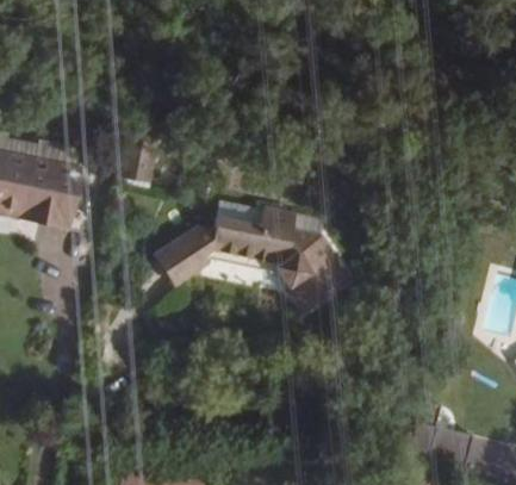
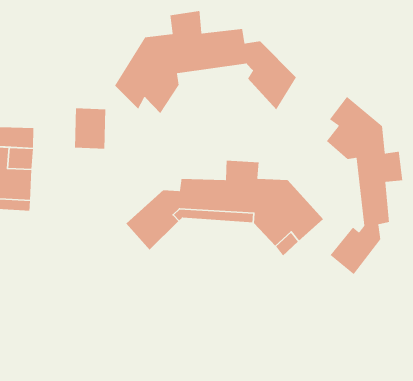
building: none -> [114,10,297,114]
building: none -> [326,96,403,275]

